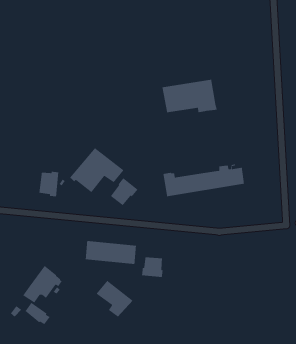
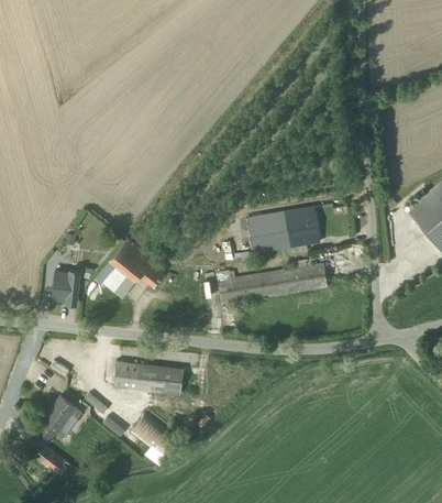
building: [162,79,218,113] -> [247,207,322,253]
building: [110,177,138,206] -> none
building: [141,257,163,278] -> none

